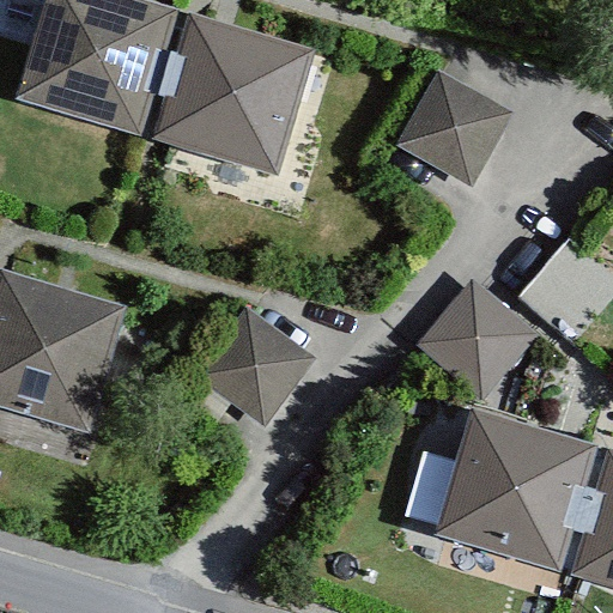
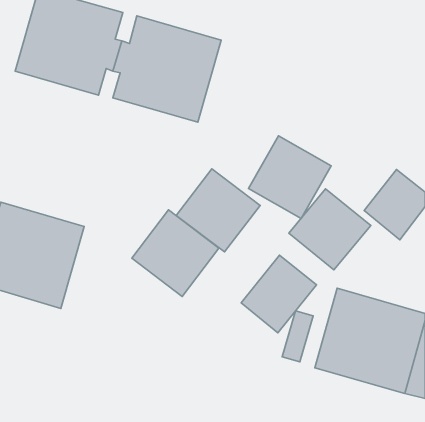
building: [394,66,512,184] -> [249,136,331,218]
building: none -> [176,169,260,252]
building: none -> [241,255,316,333]

